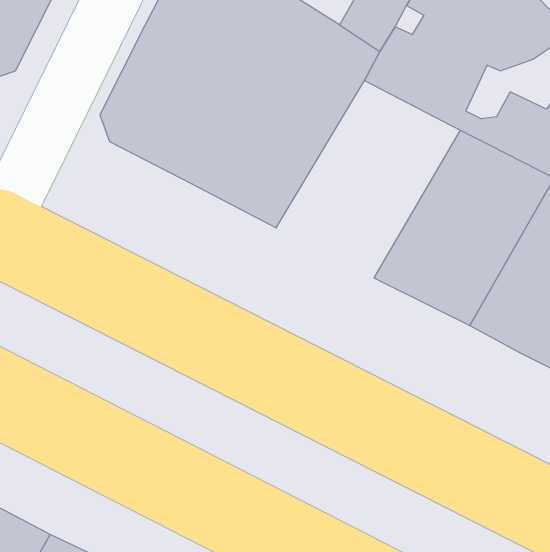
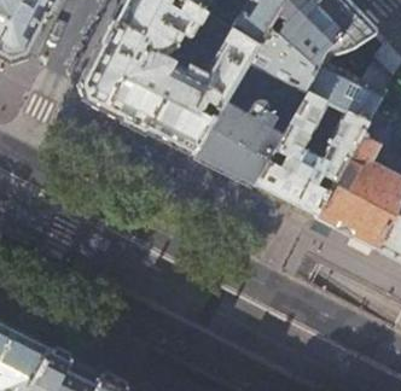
building: none -> [191,62,307,186]

